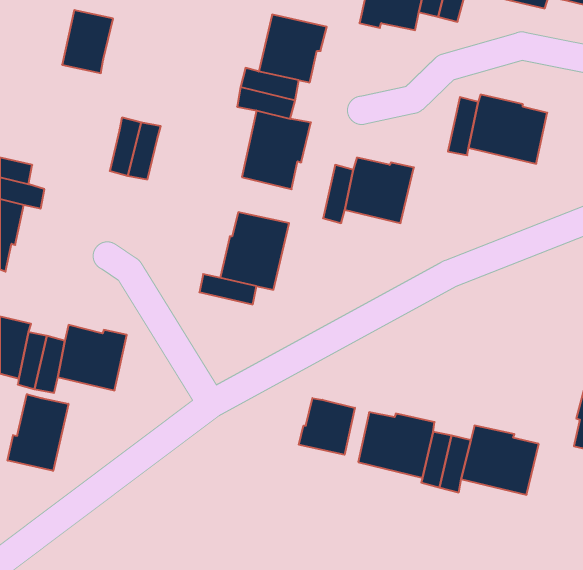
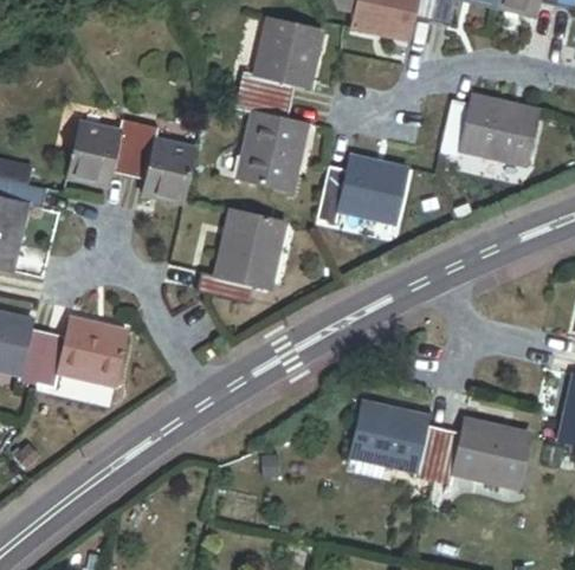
building: [62,10,113,73] -> [69,122,118,183]
building: none -> [143,140,194,201]
building: [8,394,68,471] -> none
building: [299,398,355,455] -> none

